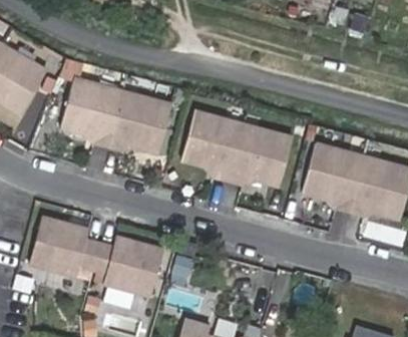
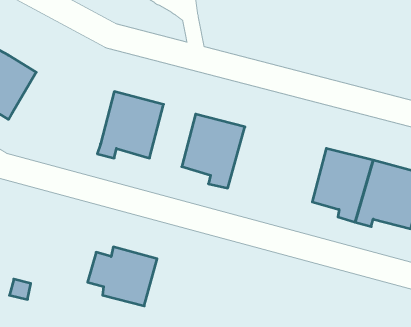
building: [58,78,120,150] -> none
building: [227,125,289,188] -> none
building: [43,220,103,276] -> none

